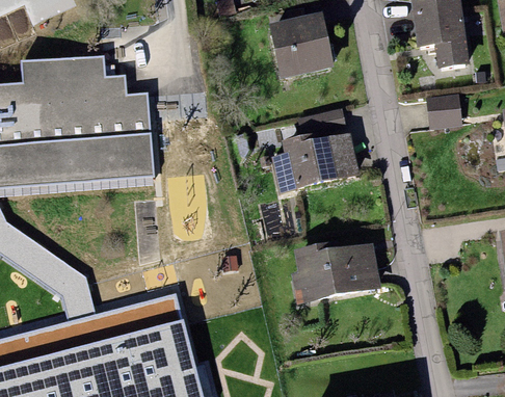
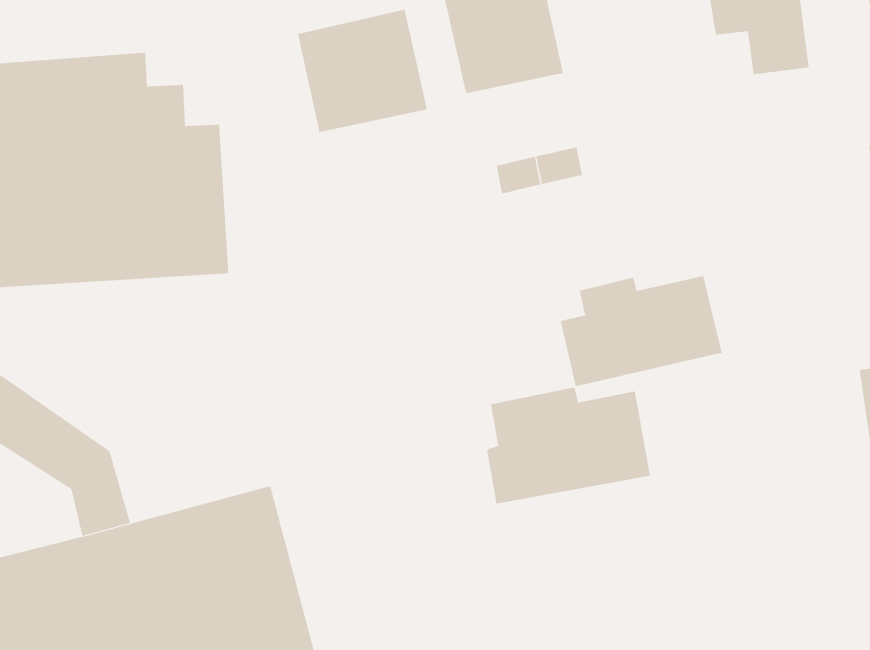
building: none -> [298,9,427,133]
building: [425,95,462,131] -> none
building: [271,132,361,193] -> [560,275,723,387]

